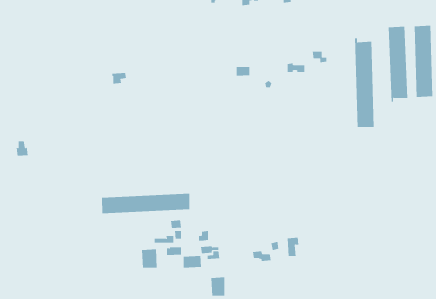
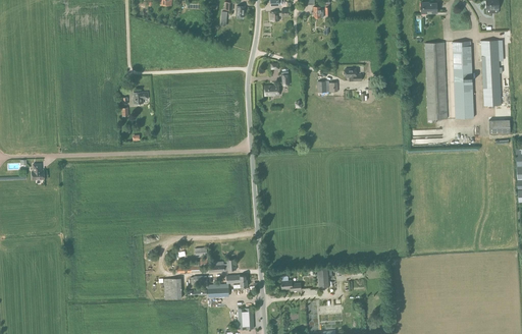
building: [355,37,374,128] -> none
building: [102,193,190,214] -> none

